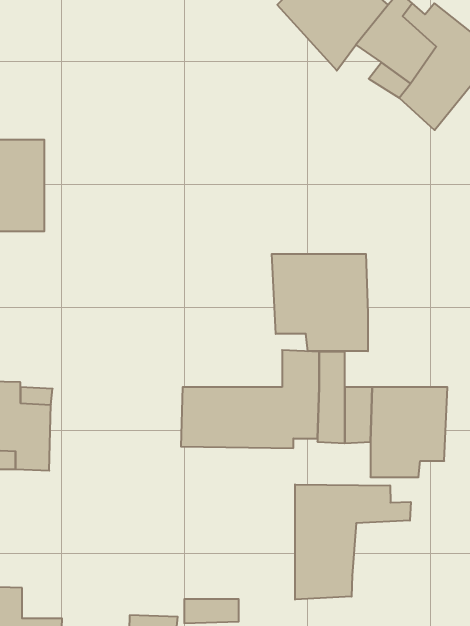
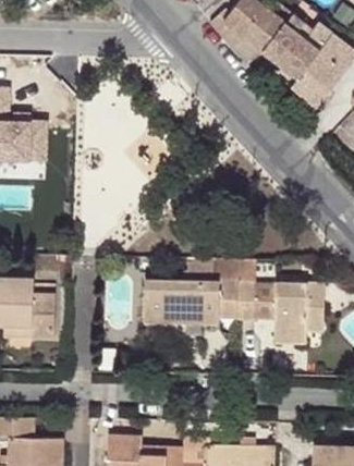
building: [272,254,368,351] -> none
building: [295,484,411,600] -> none

